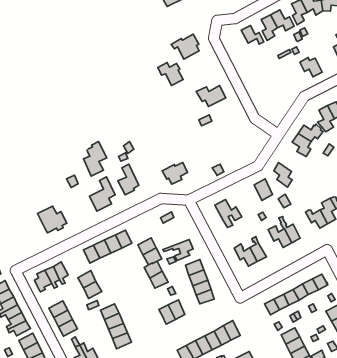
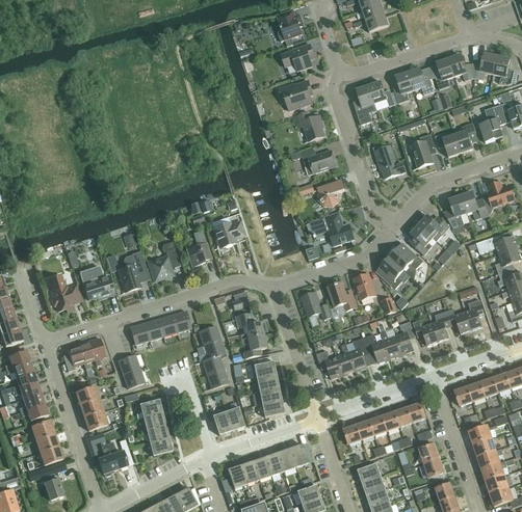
building: none -> [281,43,313,71]
building: none -> [354,84,376,124]
building: none -> [454,122,477,152]
building: none -> [411,133,435,166]
building: [158,63,183,85] -> [295,111,324,140]
building: none -> [375,149,404,178]
building: none -> [318,180,345,206]
building: none -> [309,211,355,245]
building: [83,142,107,176] -> [119,249,148,291]
building: none -> [389,241,423,278]
building: [162,163,188,184] -> [213,221,244,246]
building: none -> [329,282,357,309]
building: none -> [395,320,416,353]
building: none -> [51,284,82,312]
building: none -> [235,312,263,339]
building: none -> [348,336,368,370]

